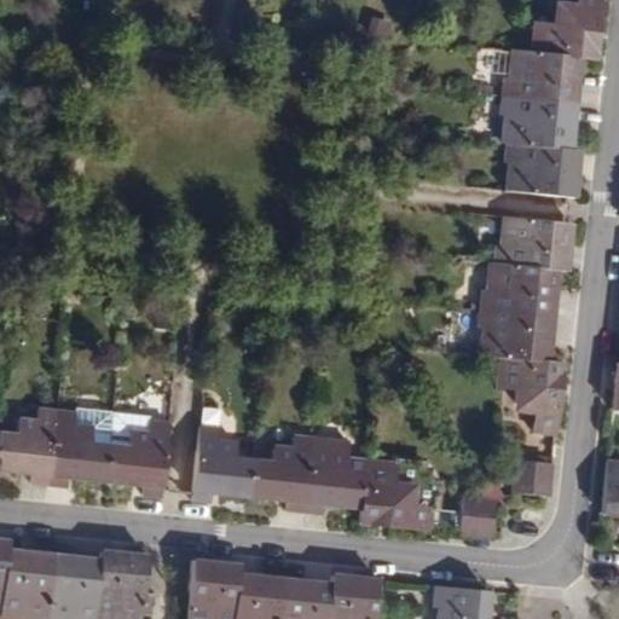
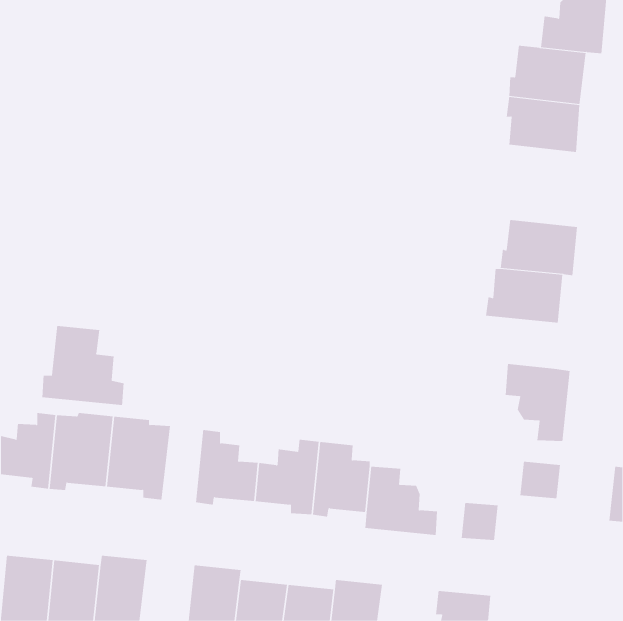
building: [507,144,580,201] -> none
building: [480,313,554,365] -> none
building: none -> [42,325,124,406]

